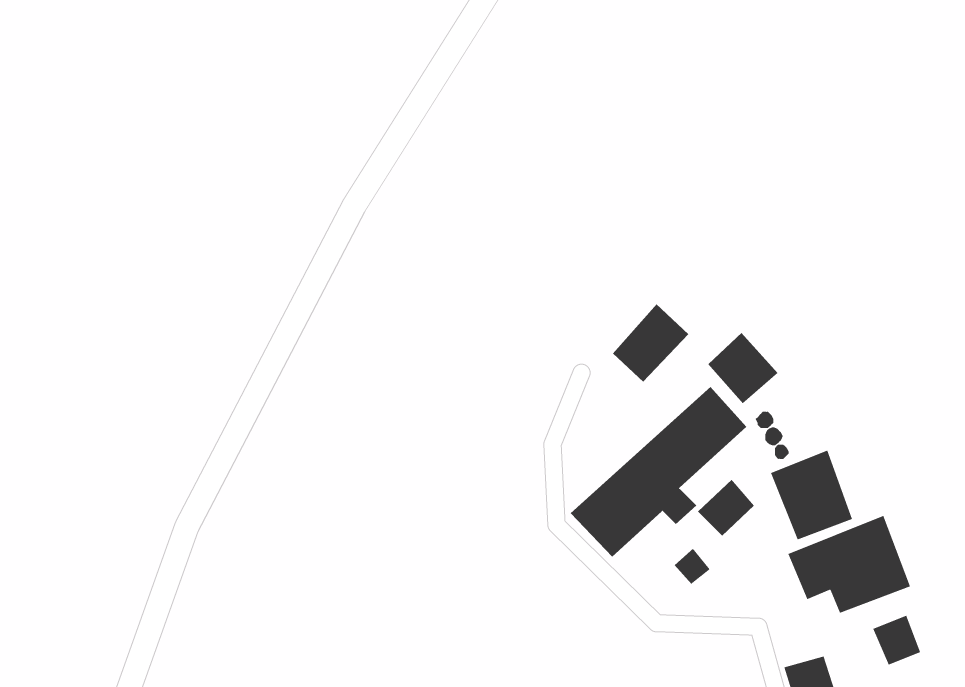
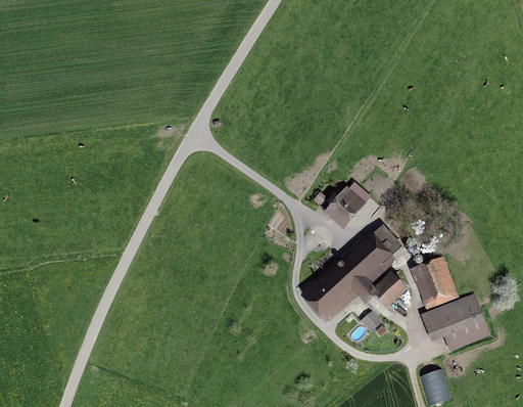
building: [708,332,779,404] -> none
building: [872,615,921,666] -> none

